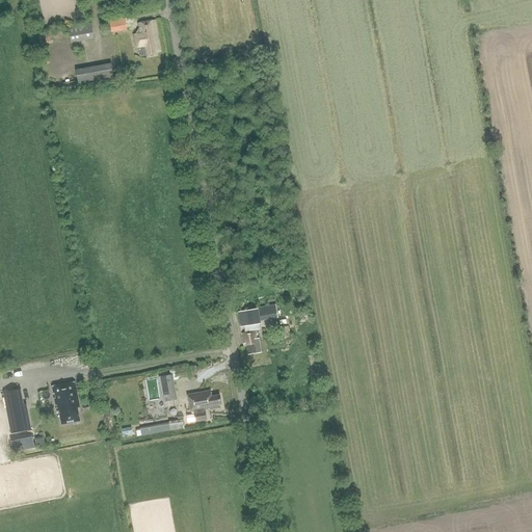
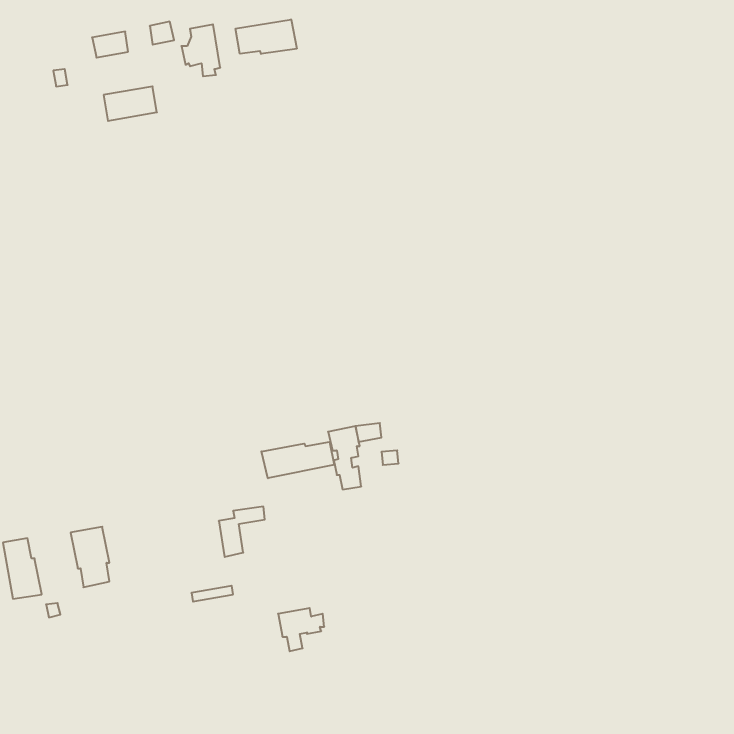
building: none -> [236,19,297,54]
building: none -> [261,442,334,478]
building: [187,390,220,421] -> [278,608,324,651]

